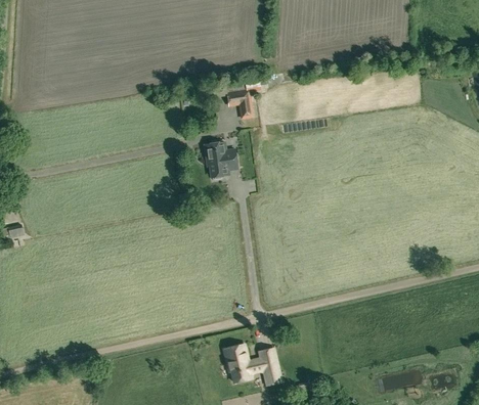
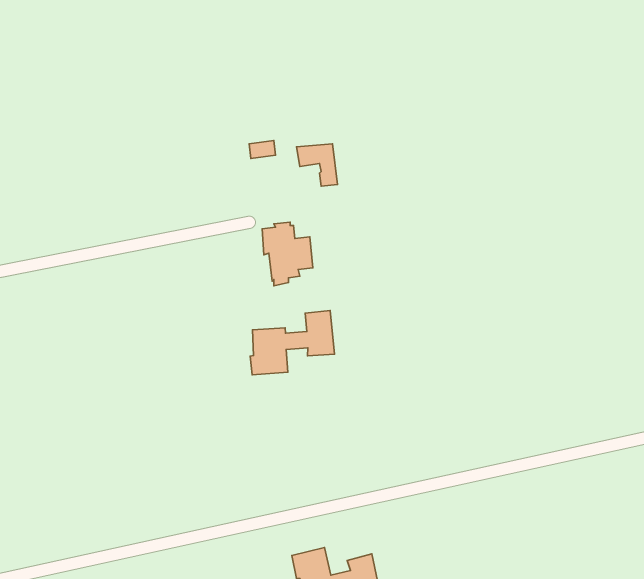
building: none -> [250,311,335,375]

